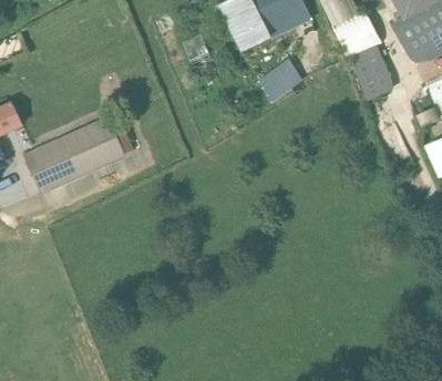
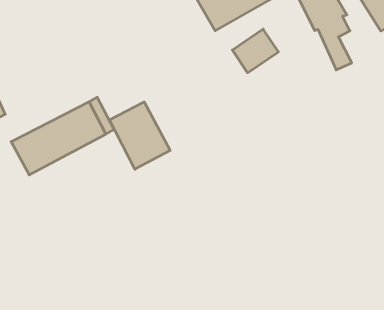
building: none -> [110,102,170,169]

